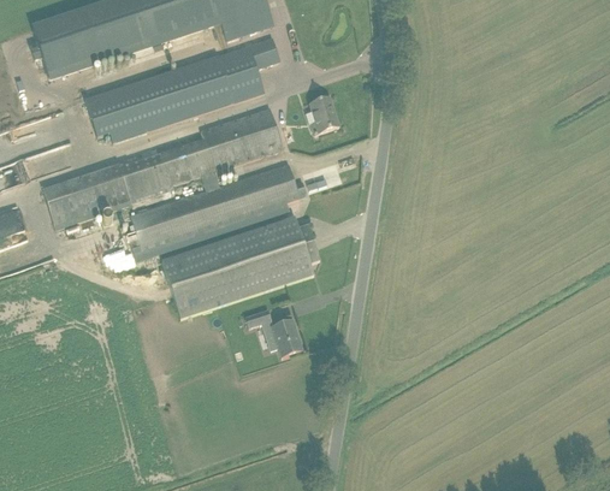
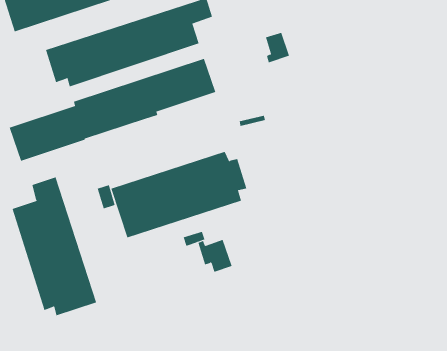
building: [309,97,338,134] -> [265,32,290,63]
building: [126,164,306,262] -> none
building: none -> [12,177,97,316]

